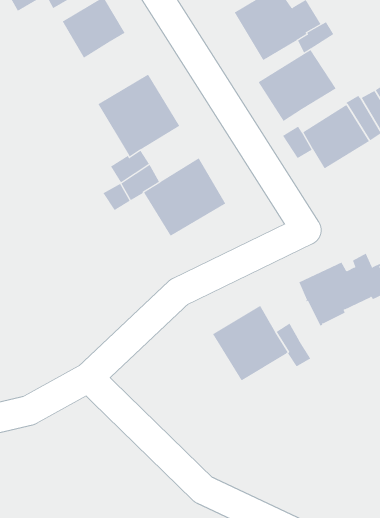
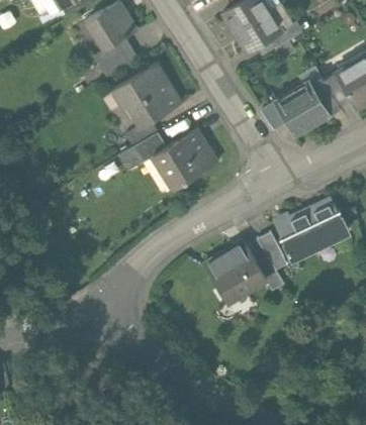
building: none -> [93,35,139,78]
building: [258,49,336,122] -> none
building: none -> [256,234,287,273]

